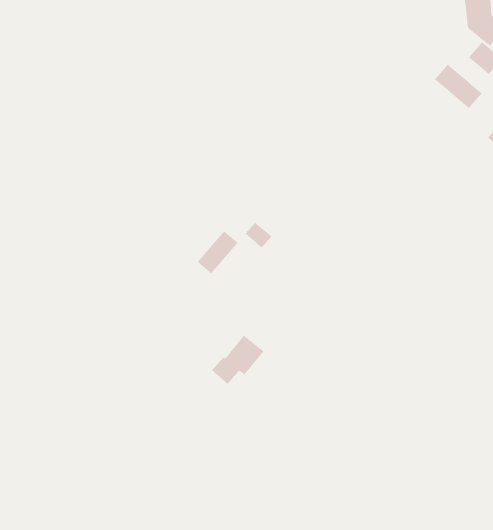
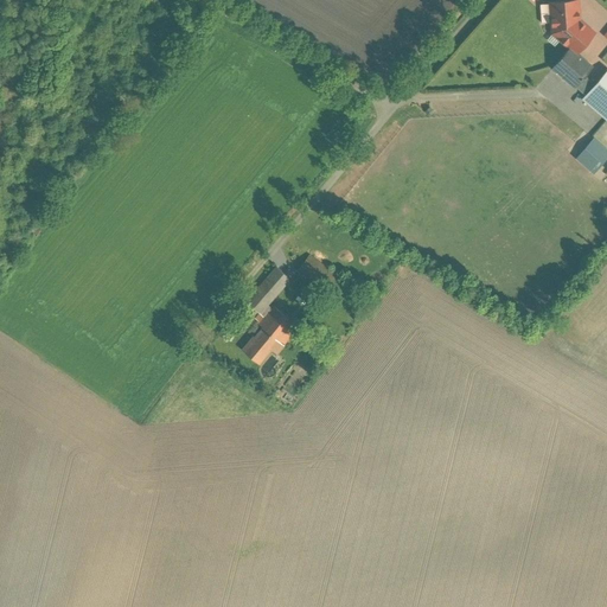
building: [434,64,482,109] -> none
building: [211,335,264,385] -> [241,308,301,365]

